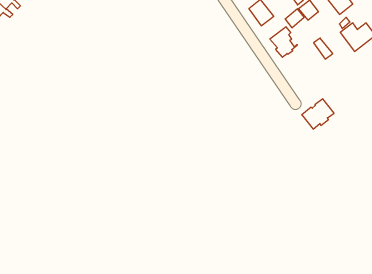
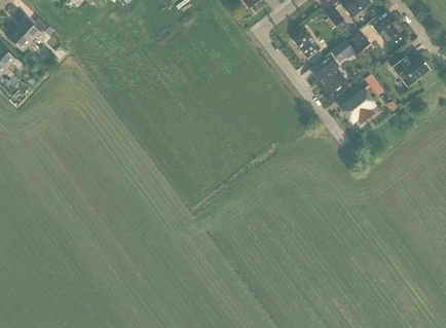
building: [302,99,334,129] -> [341,89,376,122]

